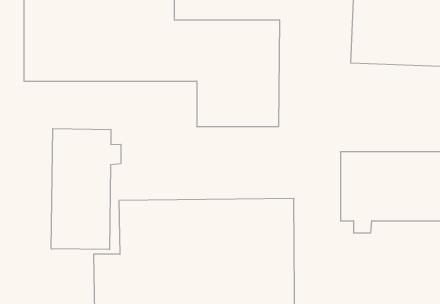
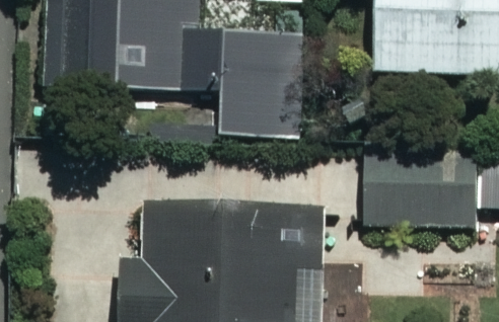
building: [51,129,121,250] -> none

